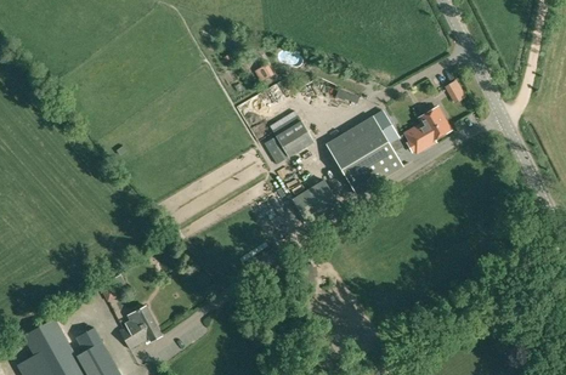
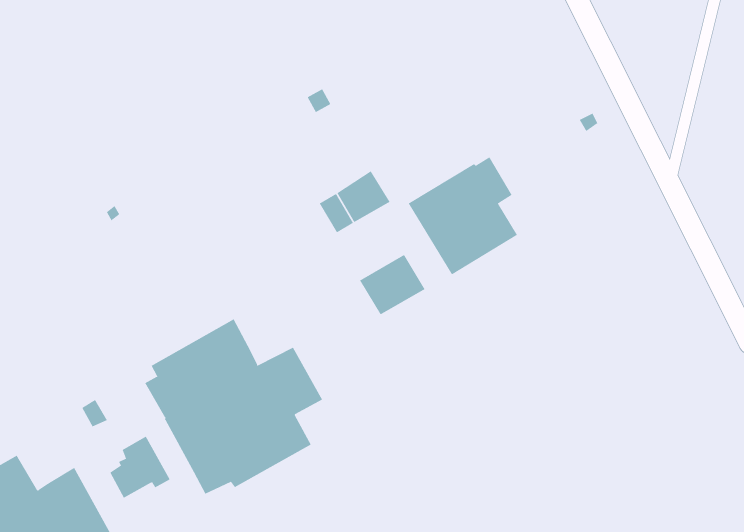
building: [404,107,449,152] -> none
building: none -> [144,318,323,494]

